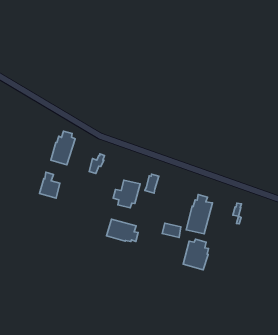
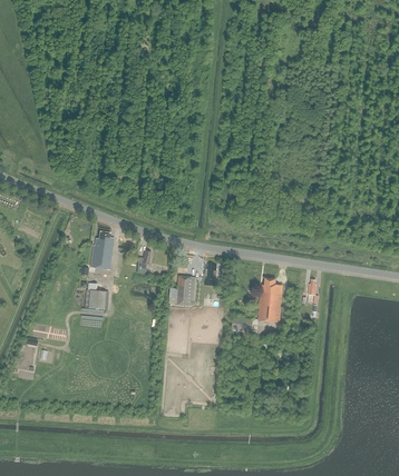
building: [106,219,138,241] -> none
building: [183,239,209,270] -> none

